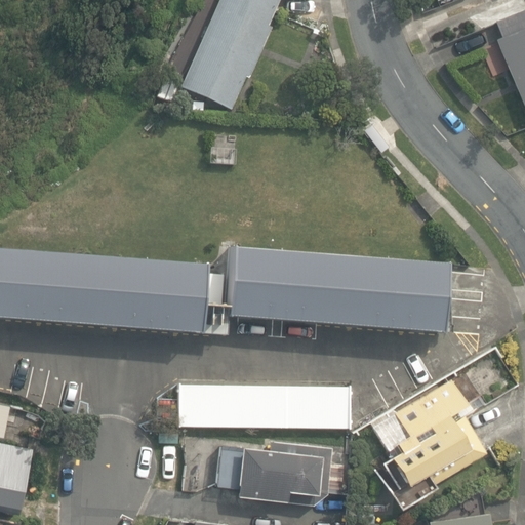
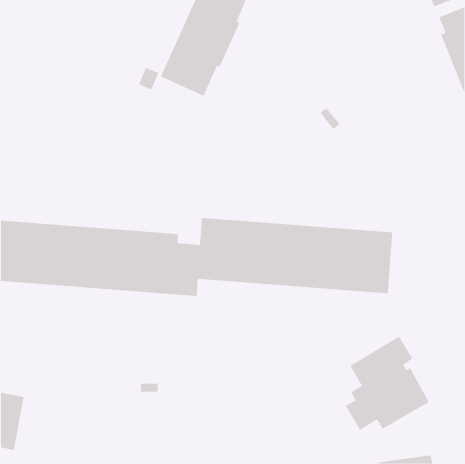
building: [177,383,348,428] -> none
building: [215,441,341,503] -> none

